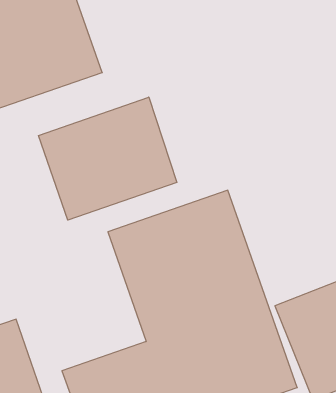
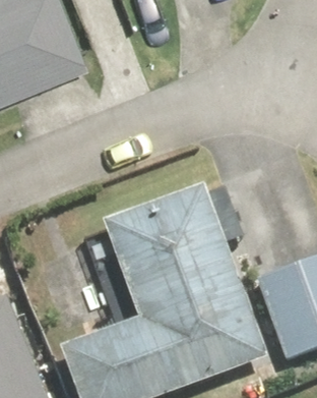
building: [39,97,177,220] -> none

